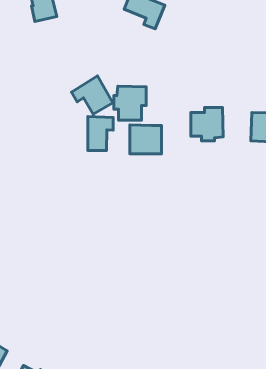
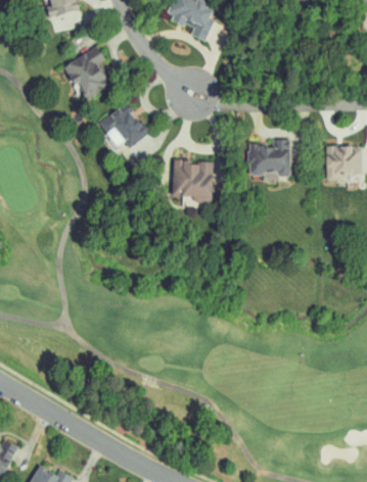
building: none -> [63,49,110,100]
building: [114,86,146,120] -> none
building: [88,117,113,151] -> none

